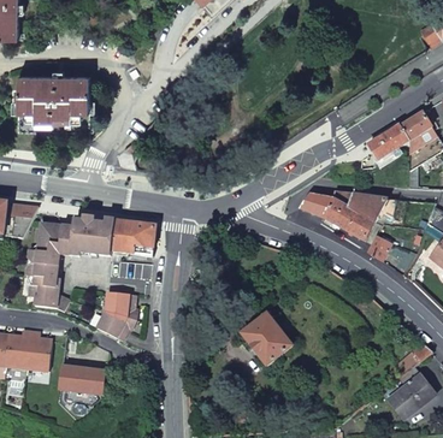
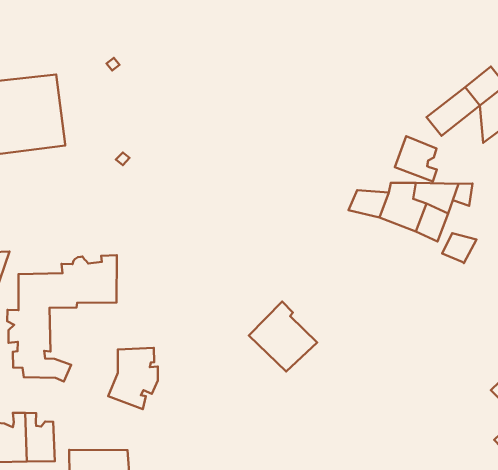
building: none -> [395,136,437,182]
building: [112,219,156,260] -> none
building: [241,309,293,363] -> [249,301,317,372]

